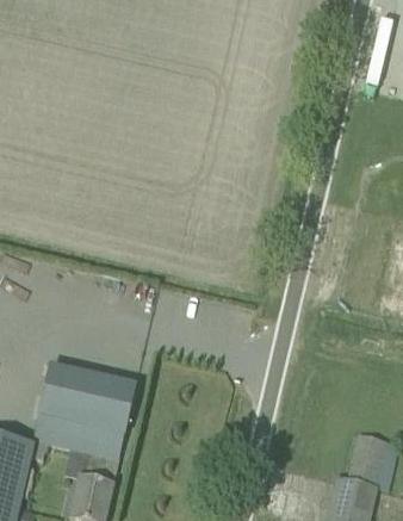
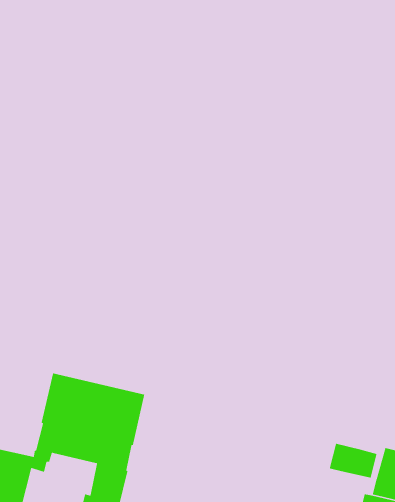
building: none -> [329,443,377,479]

